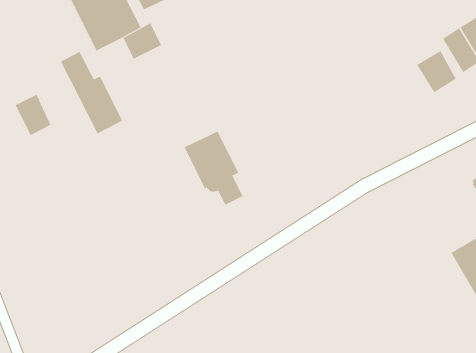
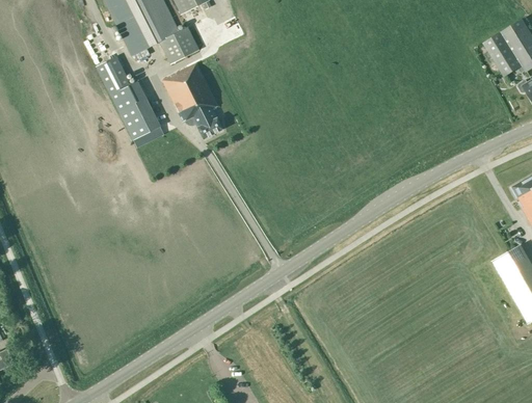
building: [417,50,456,93] -> none
building: [15,94,51,136] -> none
building: [184,131,243,205] -> [163,63,223,139]

